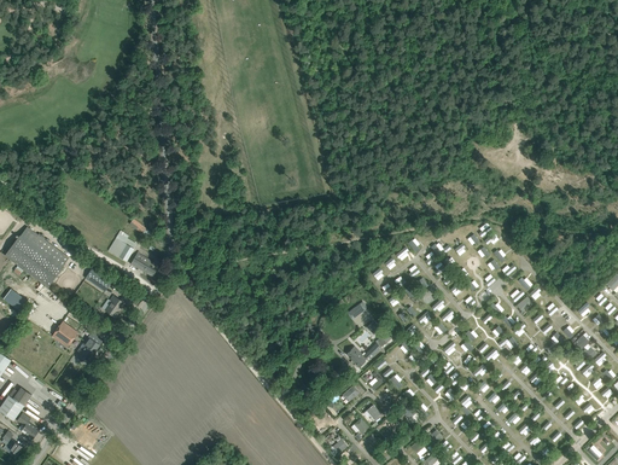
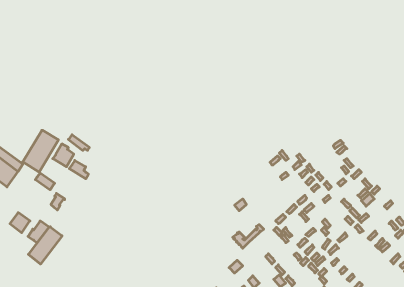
building: none -> [23,130,58,172]
building: none -> [28,227,62,264]

